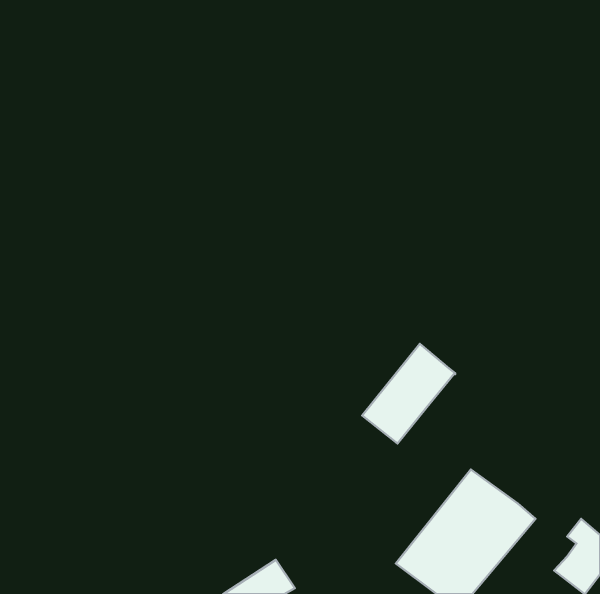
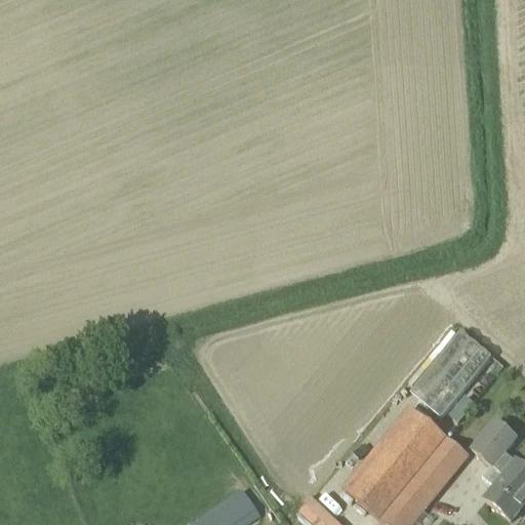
building: [362,344,455,444] -> [410,329,491,416]
building: none -> [471,418,516,466]

